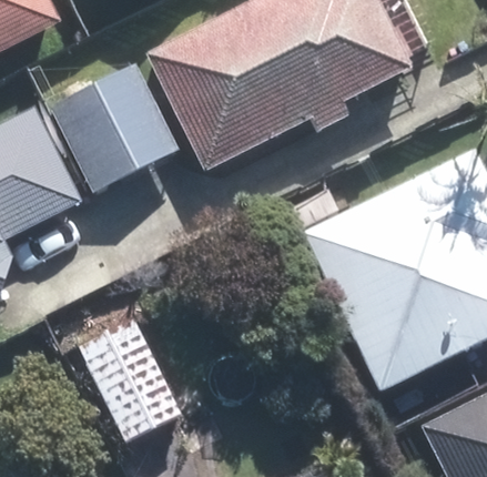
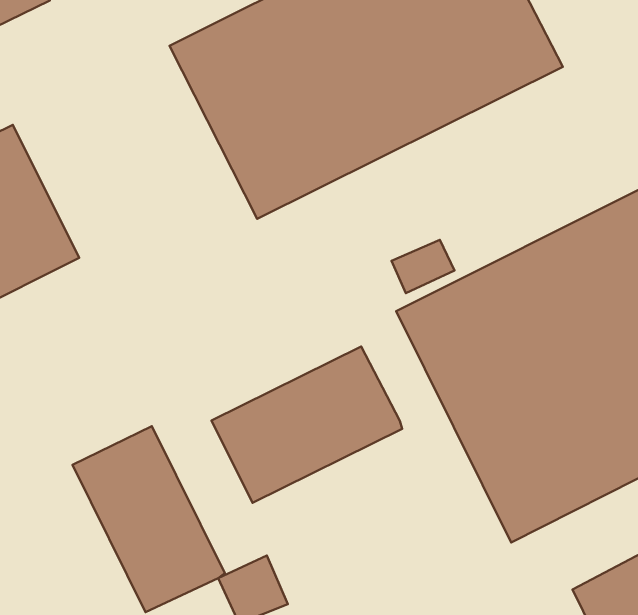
building: [50,61,179,190] -> none
building: none -> [212,347,402,503]

